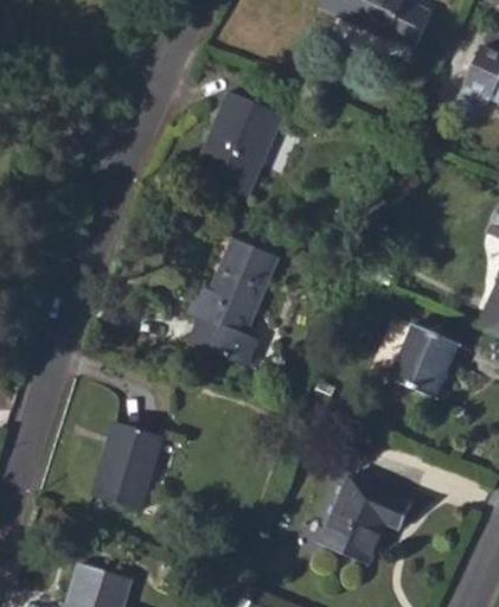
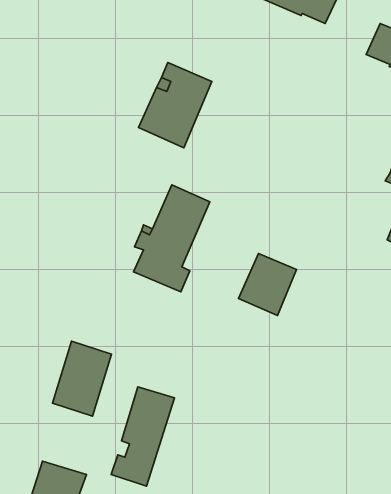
building: [390,325,459,398] -> [238,253,297,315]
building: none -> [111,387,175,486]
building: [320,477,411,564] -> none

